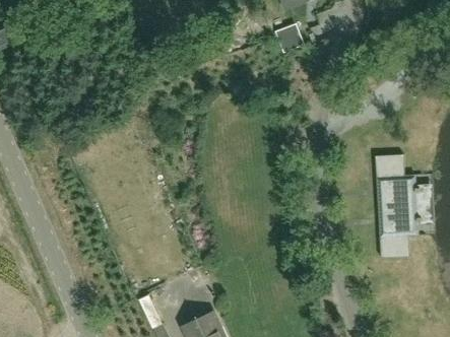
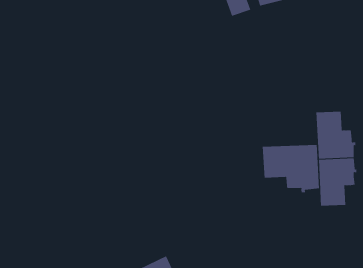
building: none -> [262,144,319,193]

